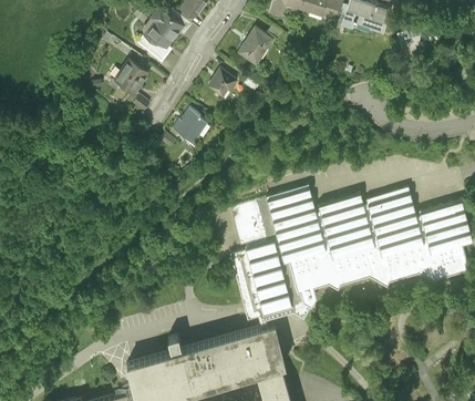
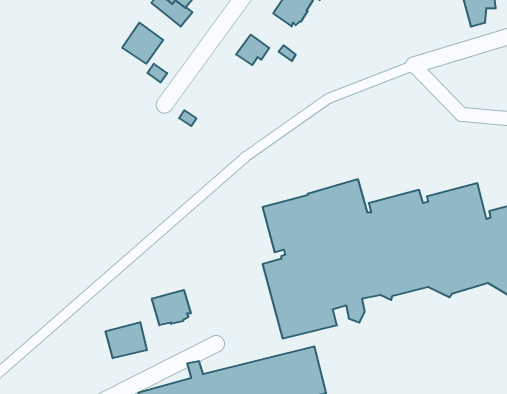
building: [174,106,206,138] -> none
building: none -> [152,290,191,325]
building: none -> [106,322,147,358]

